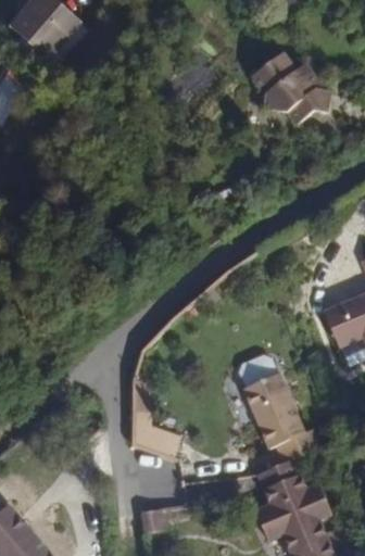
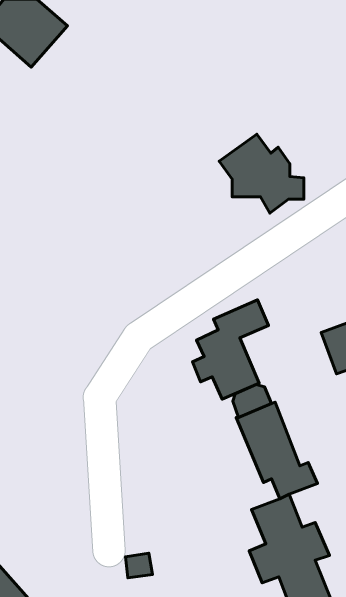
building: [250,52,328,125] -> [219,134,304,213]
building: none -> [192,300,268,399]

